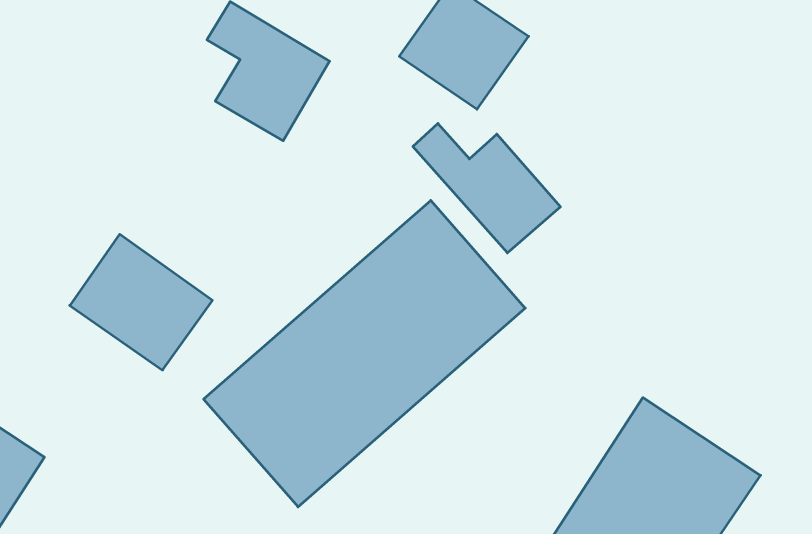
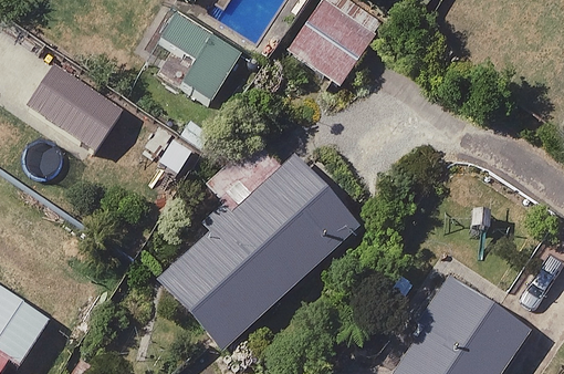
building: [413,123,560,253] -> none
building: [70,234,212,370] -> [29,62,124,153]

